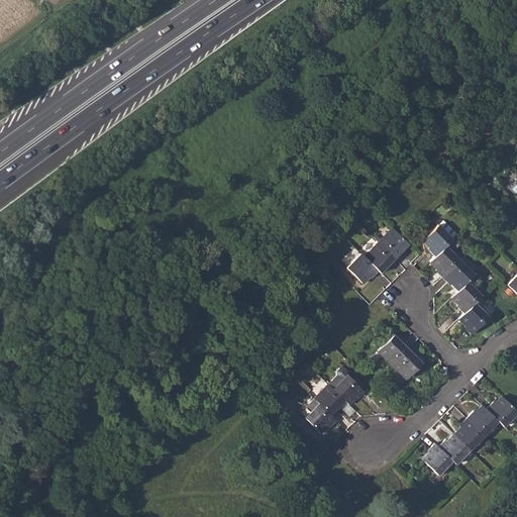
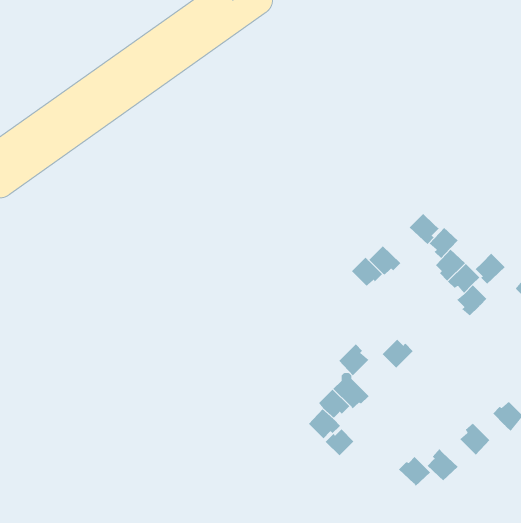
building: [380,228,410,260] -> [409,213,440,245]
building: [459,302,490,333] -> [475,253,506,285]
building: [393,346,423,379] -> [338,344,369,376]
building: [469,405,500,434] -> none
building: none -> [325,429,354,456]
building: [439,433,472,463] -> [398,456,431,487]

